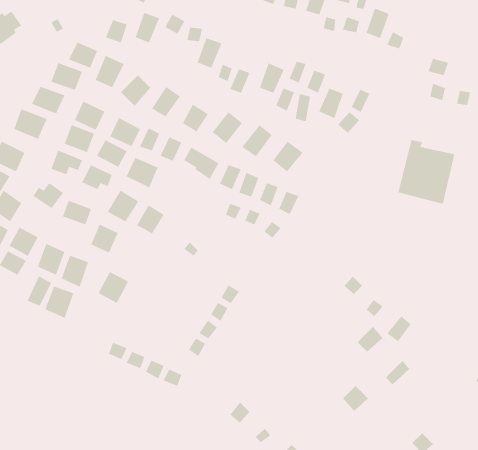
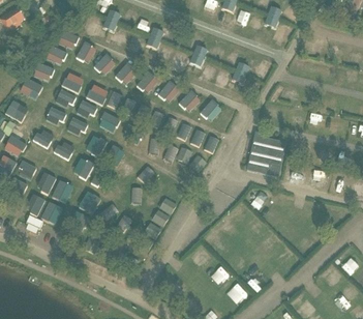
building: [398,139,455,204] -> [246,132,286,177]

